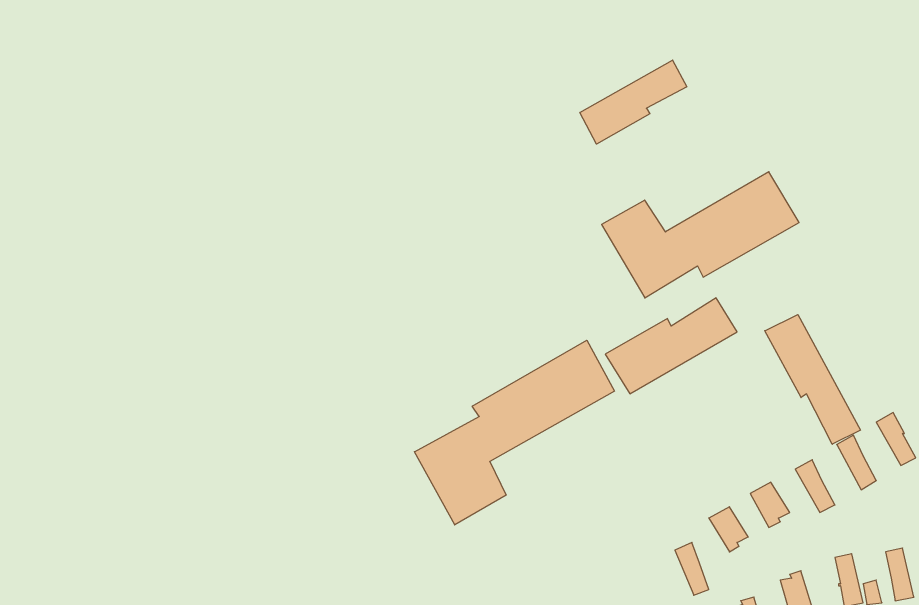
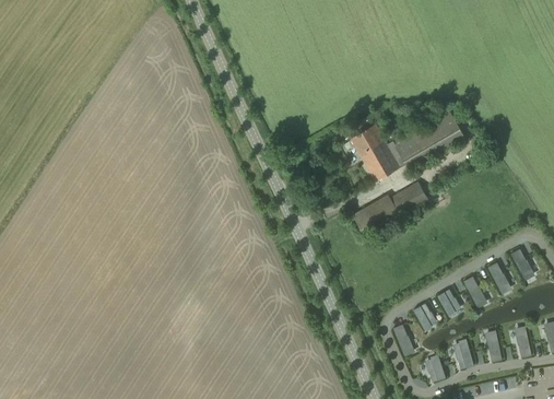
building: [580,60,687,144] -> none
building: [765,315,860,444] -> none
building: [414,340,614,525] -> none

